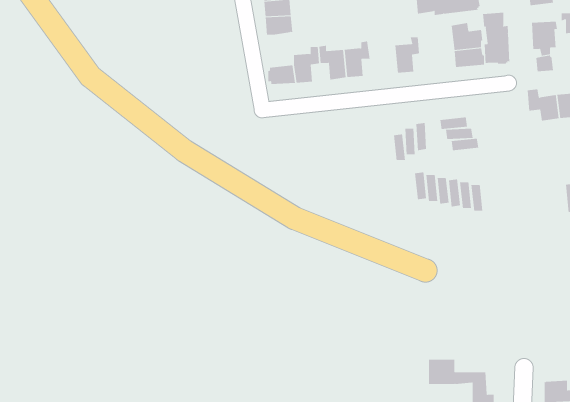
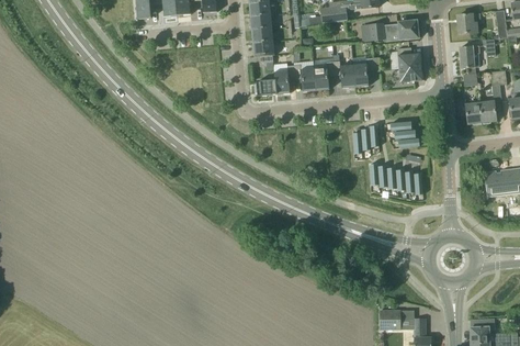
building: [482,12,510,64] -> none
building: none -> [332,54,355,87]

